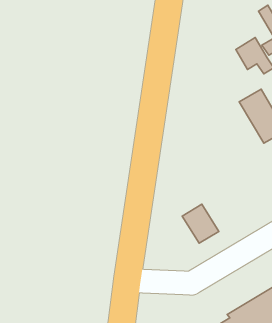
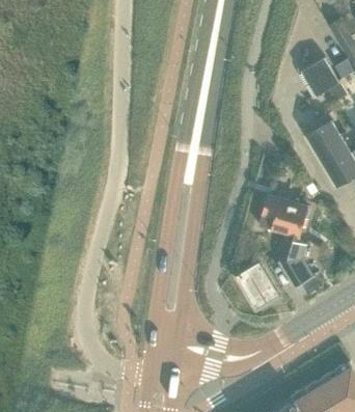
building: none -> [258,195,312,286]

